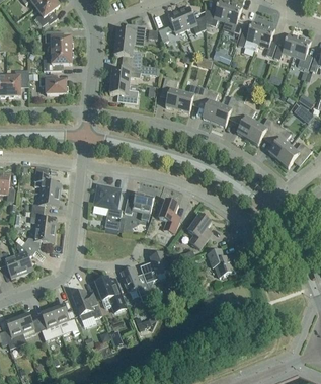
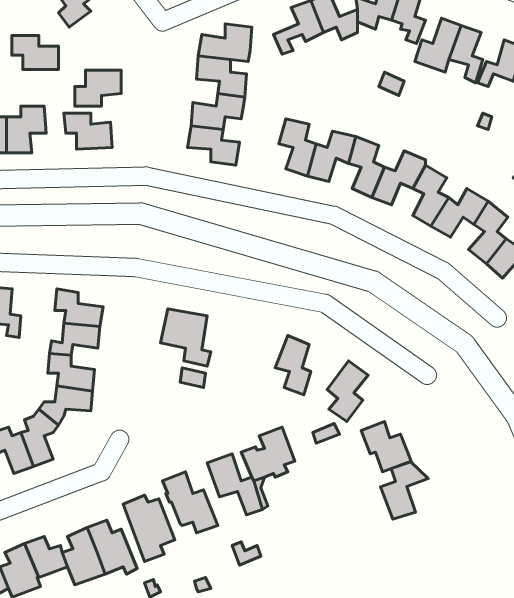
building: [45,30,71,50] -> [12,35,59,69]
building: [124,193,153,216] -> none
building: none -> [381,462,428,519]

